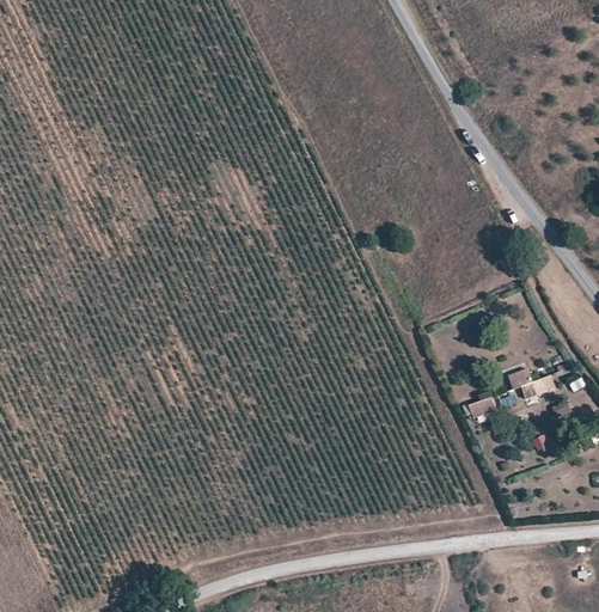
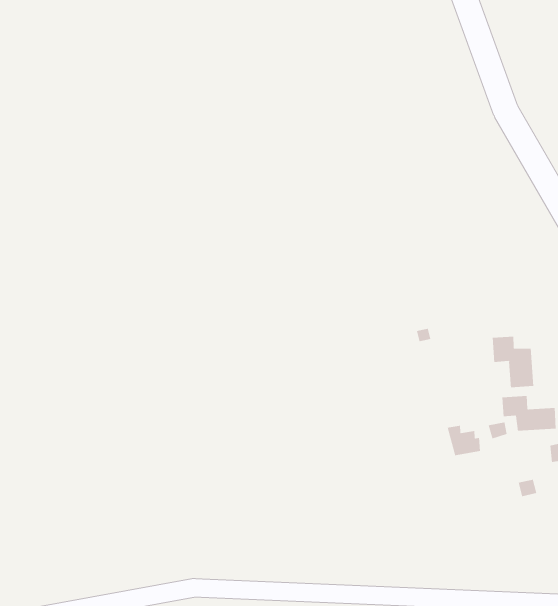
building: none -> [492,336,534,388]

